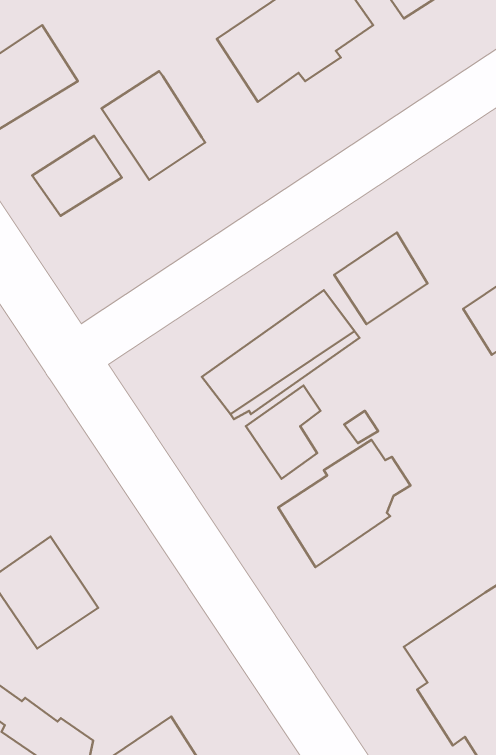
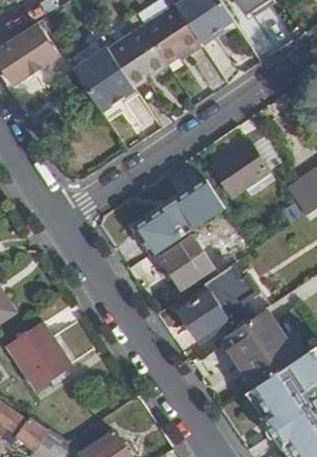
building: none -> [110,27,166,86]
building: [32,136,122,216] -> none
building: none -> [230,308,301,386]

